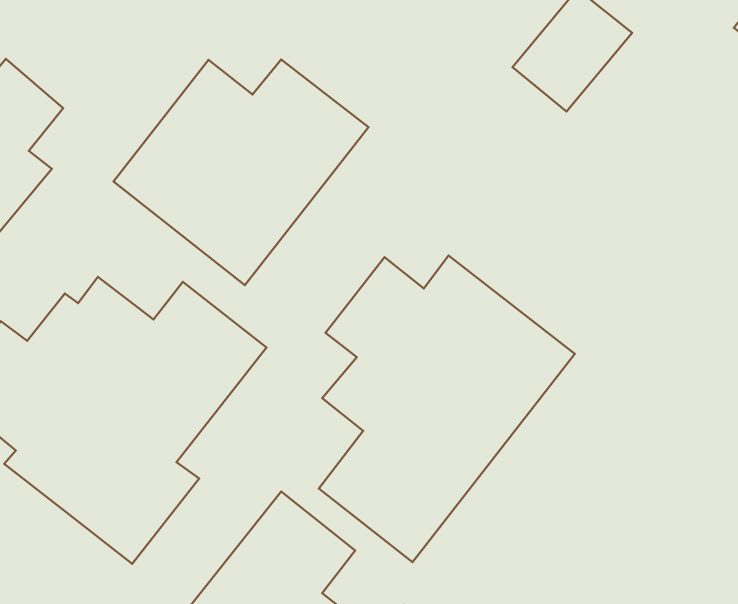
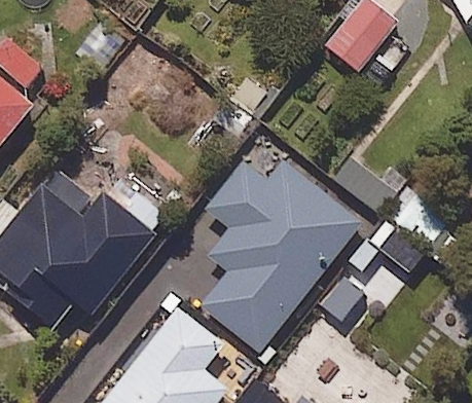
building: [113,59,368,285] -> none

